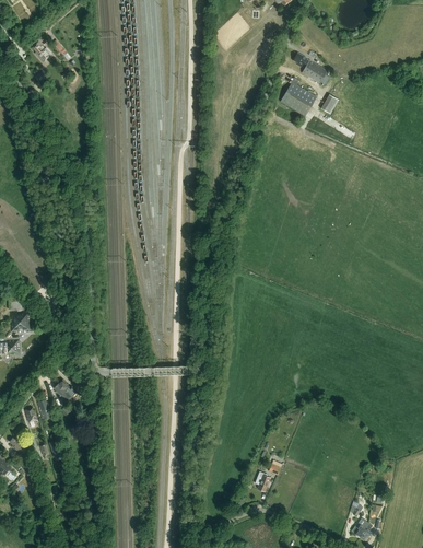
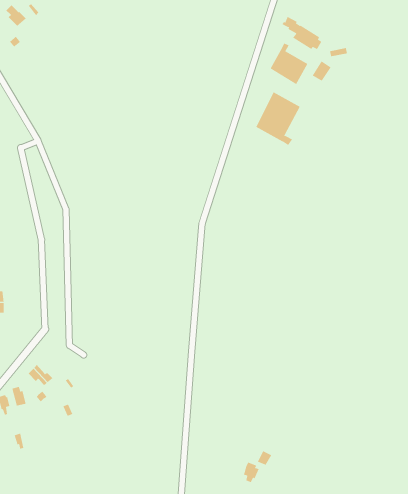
building: none -> [256,91,301,146]

